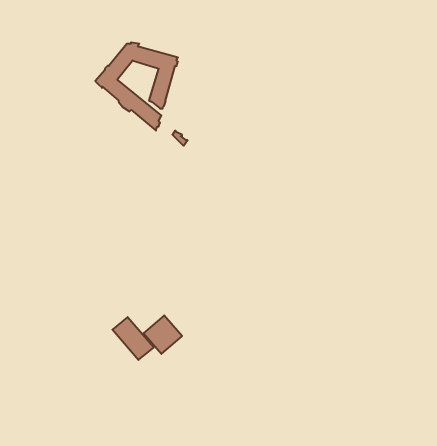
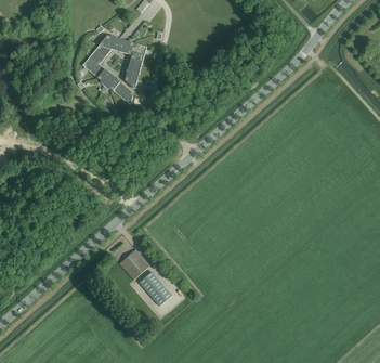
building: [112,317,154,360] -> [140,272,172,306]

